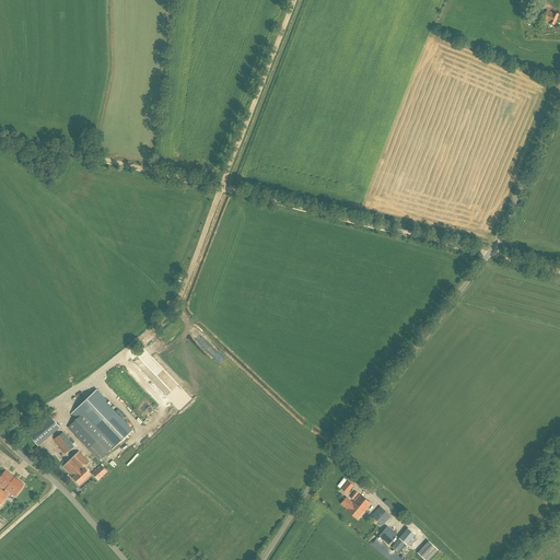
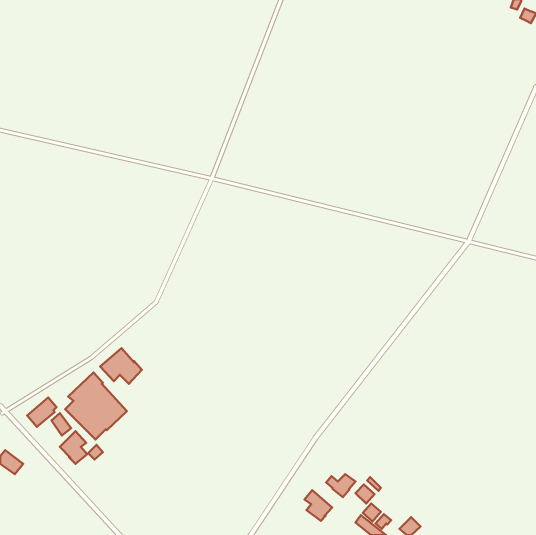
building: none -> [100,348,142,384]
building: none -> [305,490,332,521]

